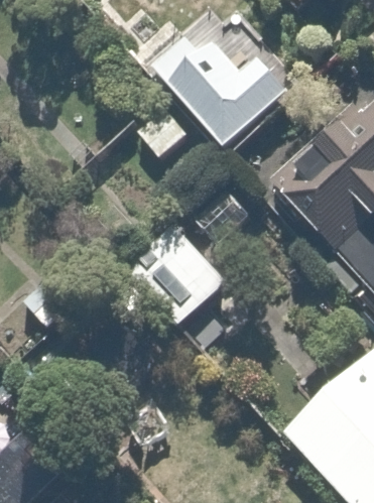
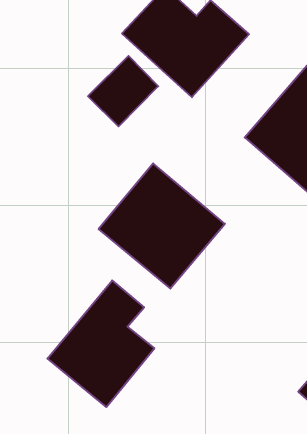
building: none -> [47,280,154,407]

